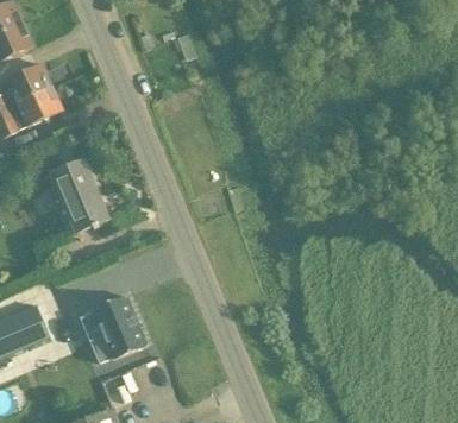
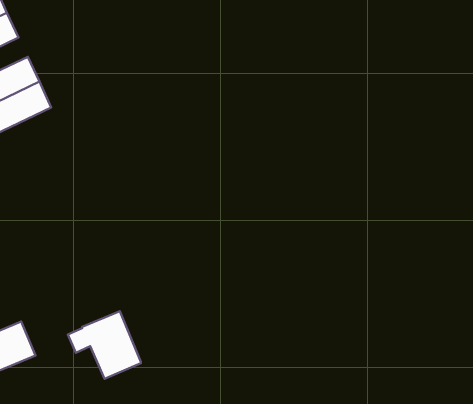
building: [50,158,109,233] -> none

